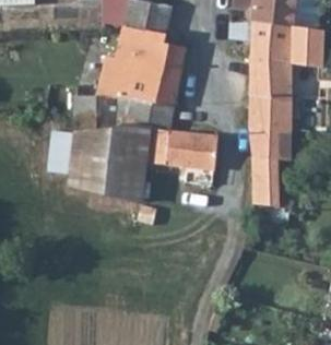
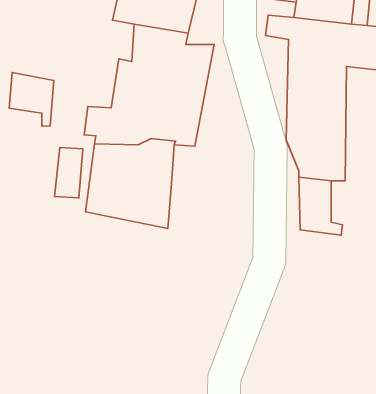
building: none -> [9,73,54,126]
building: [147,131,217,169] -> none

